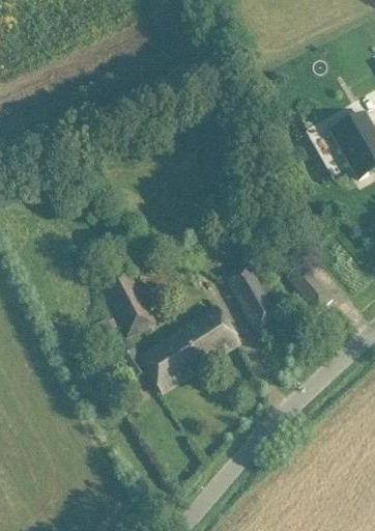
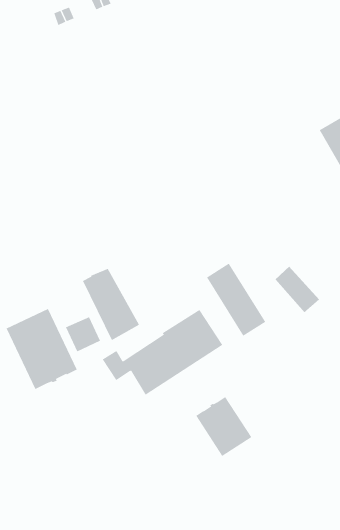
building: none -> [6,308,78,390]
building: none -> [196,396,252,457]

